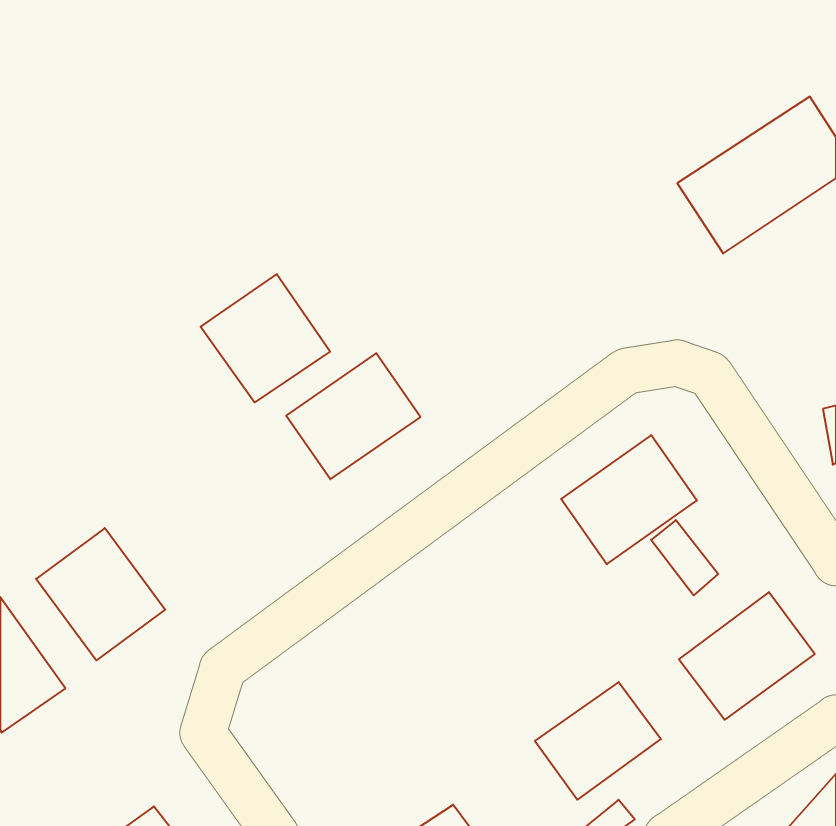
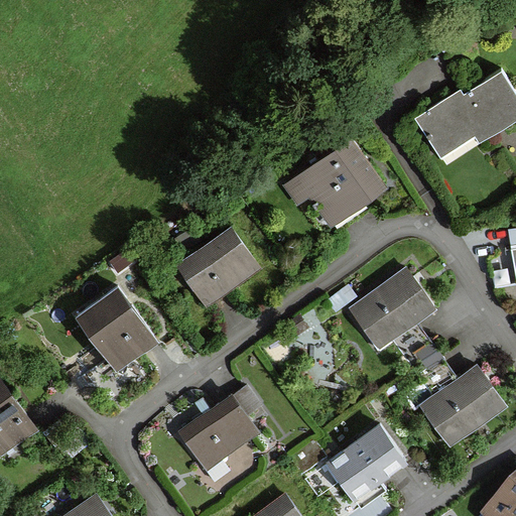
building: none -> [285,140,386,228]
building: [201,274,330,402] -> none
building: [36,528,165,660] -> [78,288,157,370]
building: none -> [178,392,261,470]

